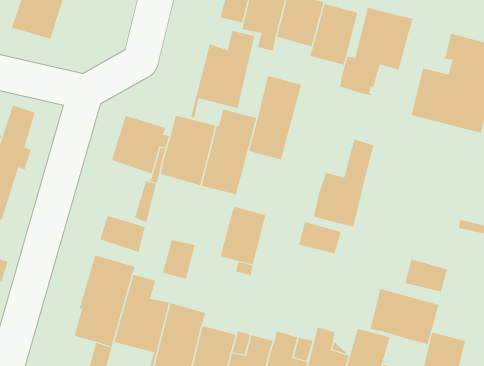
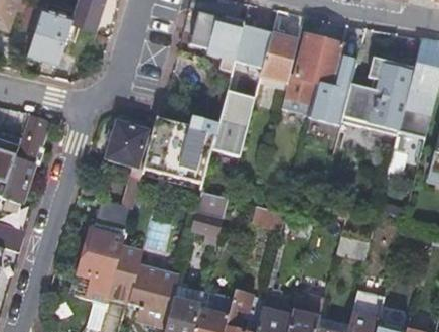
building: [190,30,255,118] -> none
building: [313,139,374,227] -> [307,57,355,126]
building: [370,288,439,345] -> none

